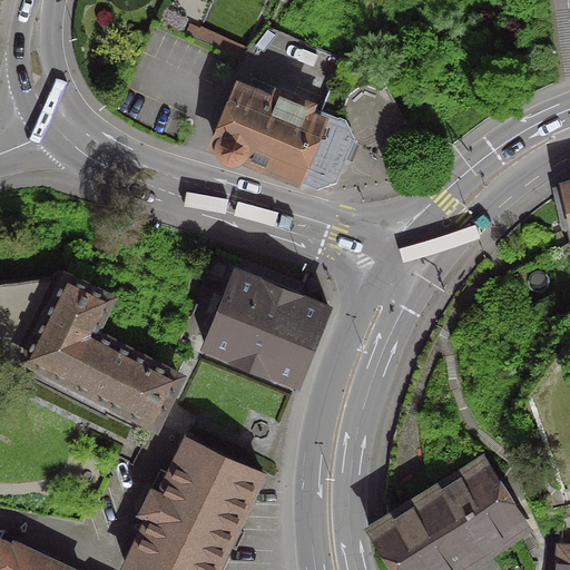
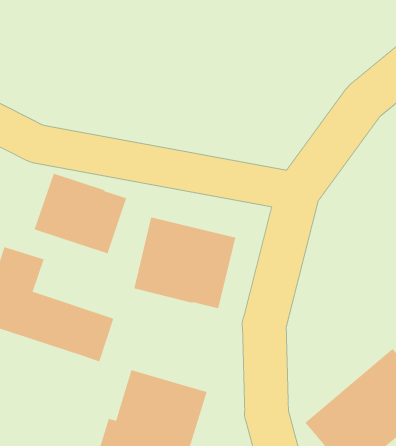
building: [216,89,356,190] -> none
building: none -> [34,173,127,254]

